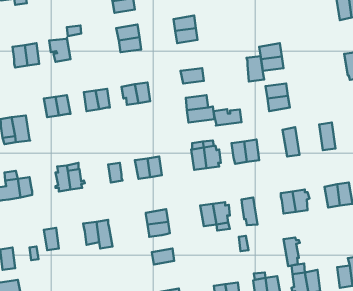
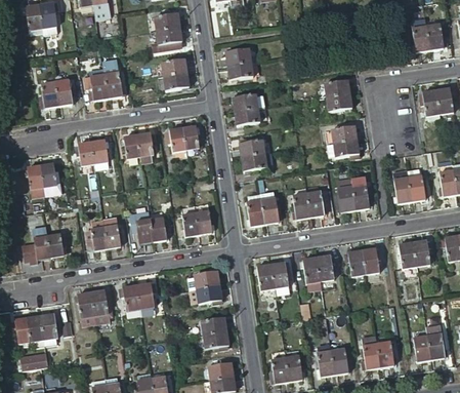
building: none -> [103,72,125,99]
building: none -> [232,94,265,112]
building: [246,56,264,82] -> none
building: [213,109,242,126] -> none
building: none -> [407,169,425,201]
building: none -> [335,180,356,212]
building: none -> [130,212,154,242]
building: none -> [91,290,111,324]
building: [284,237,300,266] -> [317,256,335,288]
building: none -> [41,313,58,345]
building: none -> [203,330,228,350]

